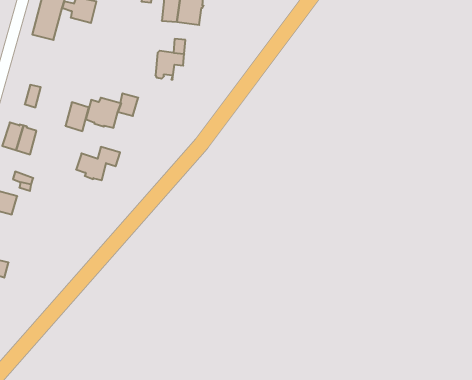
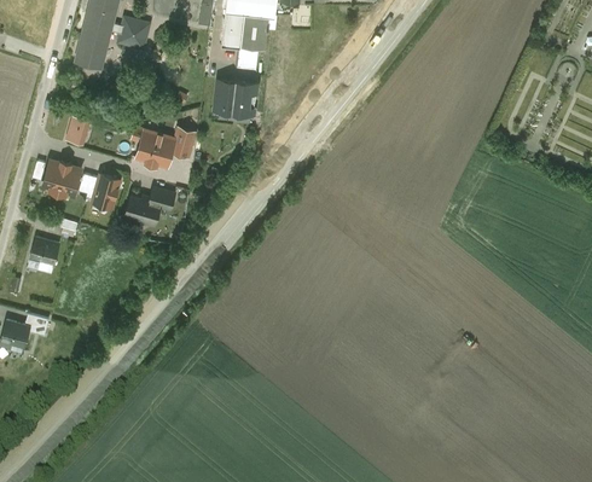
building: [65,102,89,131] -> [92,178,118,210]

